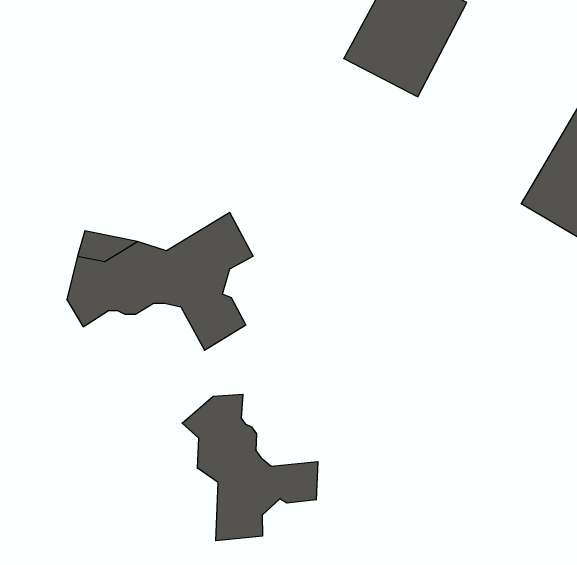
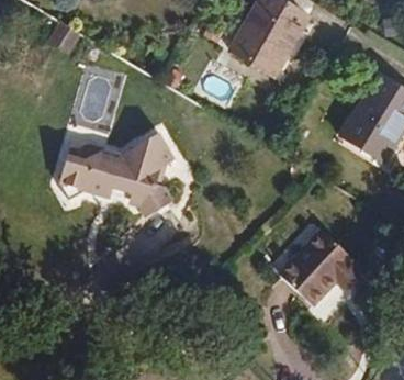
building: none -> [281,233,366,306]
building: [182,394,318,541] -> none

